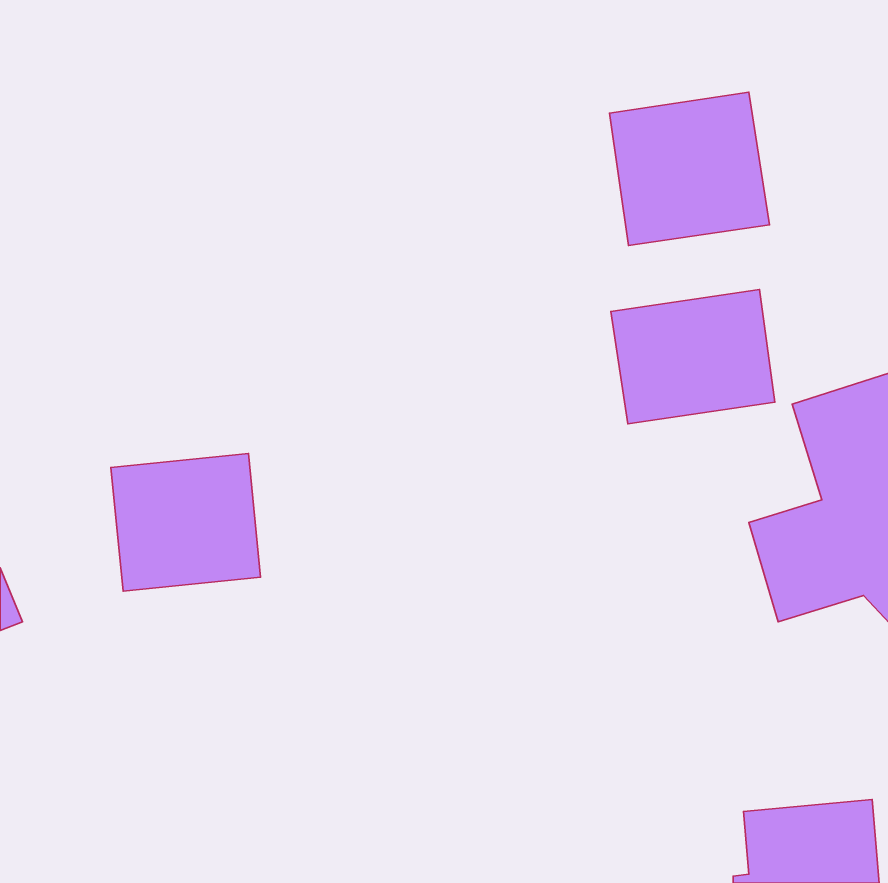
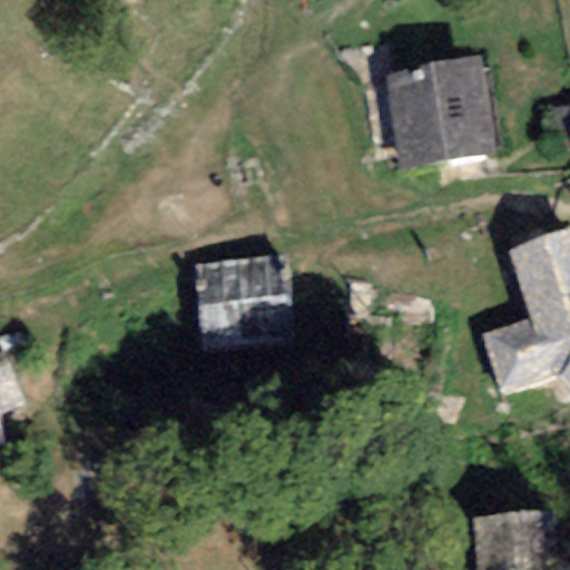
building: [611,290,775,424] -> none
building: [111,453,261,591] -> [196,254,292,342]

